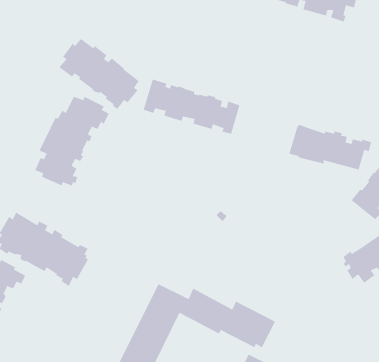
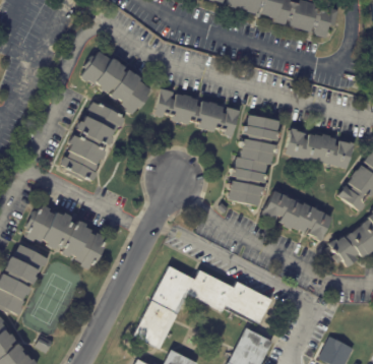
building: none -> [225,113,278,205]
building: none -> [261,190,332,241]

